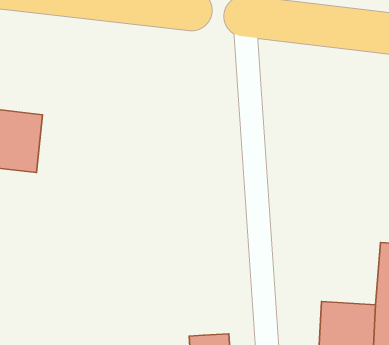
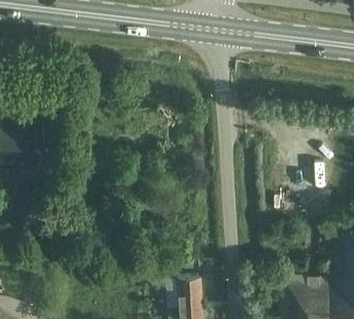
building: none -> [180,277,203,306]

